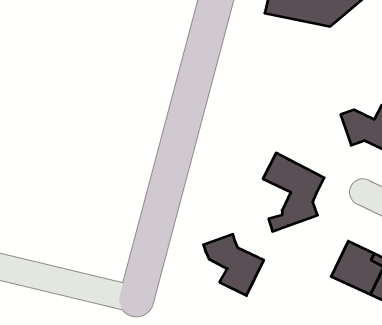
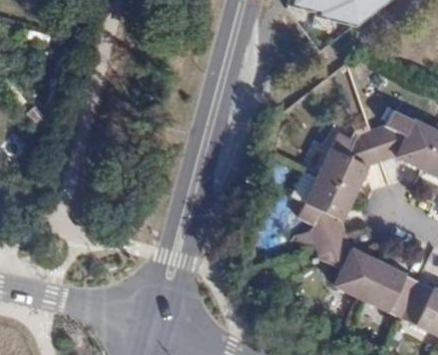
building: none -> [314,126,379,193]
building: [203,234,264,296] -> [313,232,376,296]

